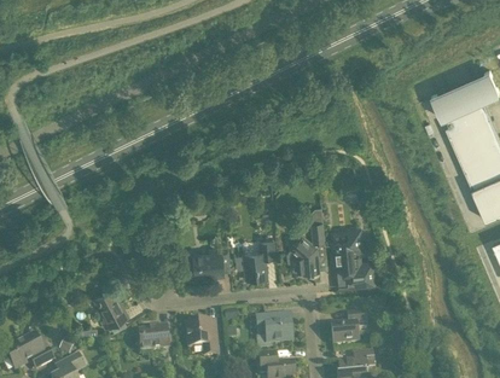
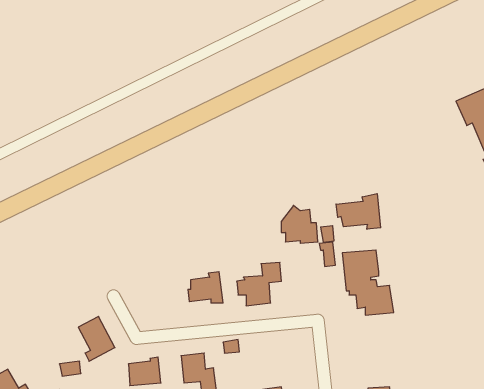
building: none -> [336,194,381,229]
building: [285,237,318,271] -> [281,205,318,243]
building: [330,309,365,342] -> none
building: [255,313,290,342] -> none

